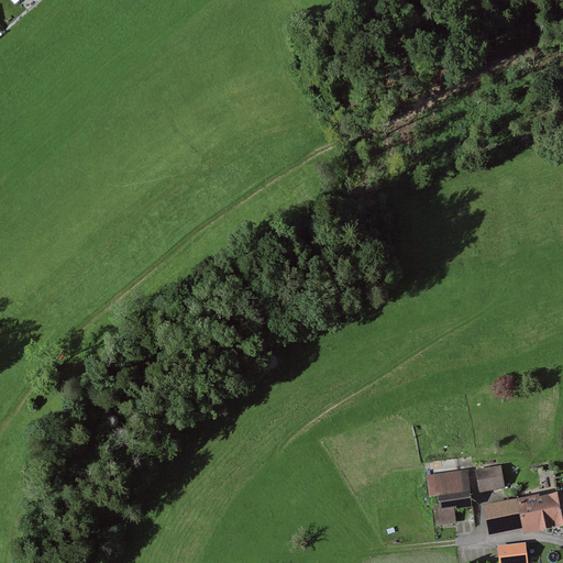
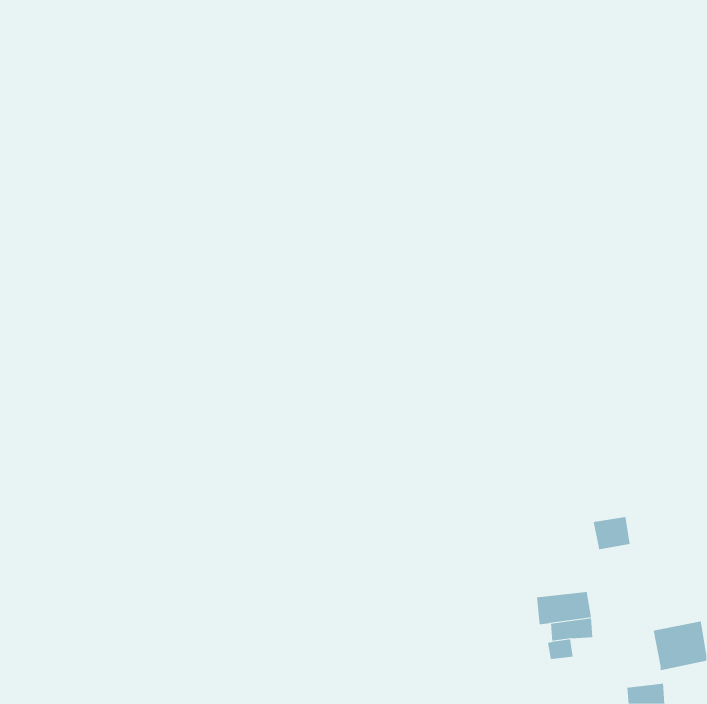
building: [479,463,509,489] -> [593,516,630,550]
building: [482,499,522,536] -> none

